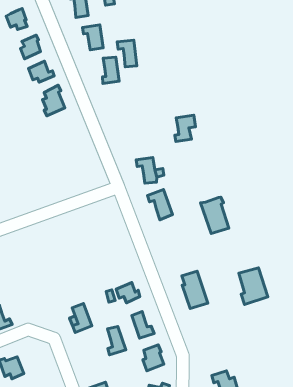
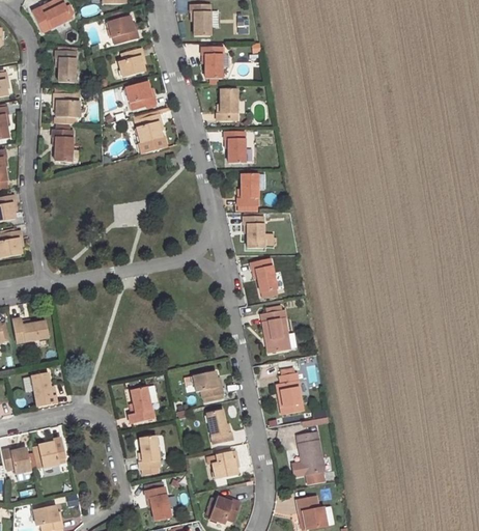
building: [117,40,137,67] -> [222,134,243,167]
building: [175,115,195,142] -> [238,179,265,208]
building: [201,197,229,233] -> [259,307,289,350]
building: [239,268,268,305] -> [293,432,326,475]
building: [107,326,126,355] -> [140,436,162,469]

